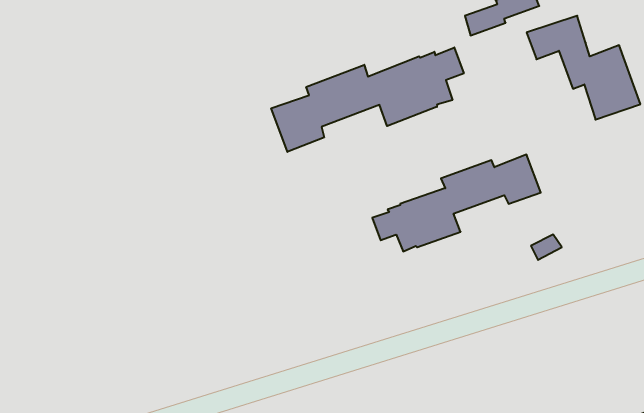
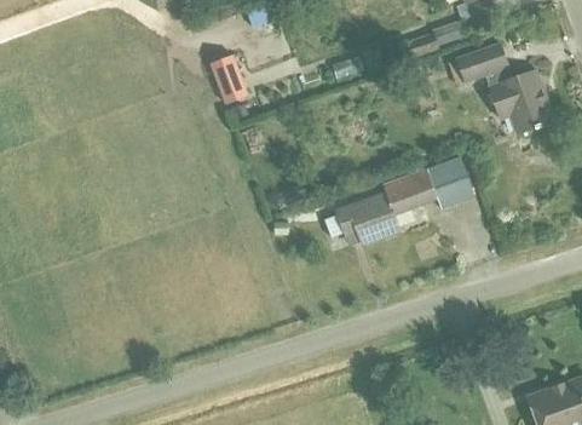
building: none -> [213,50,253,100]
building: [271,47,464,152] -> none

